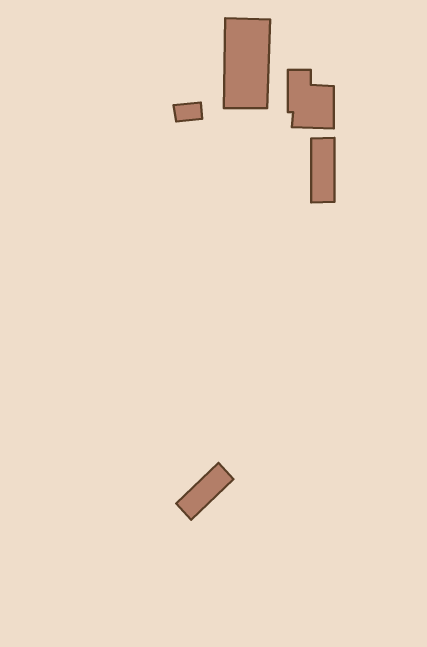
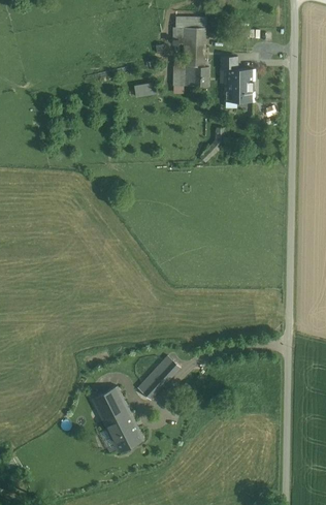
building: [311,138,335,203] -> none
building: none -> [91,386,145,454]

